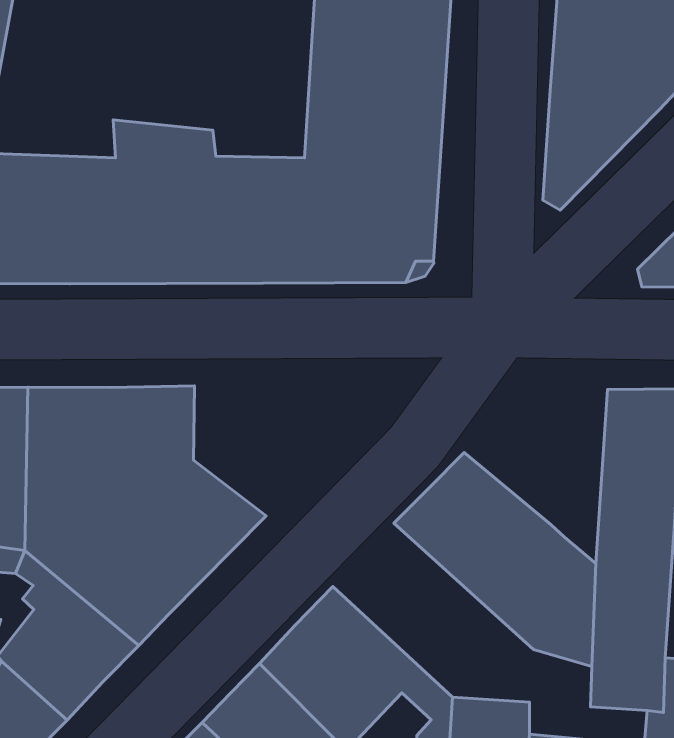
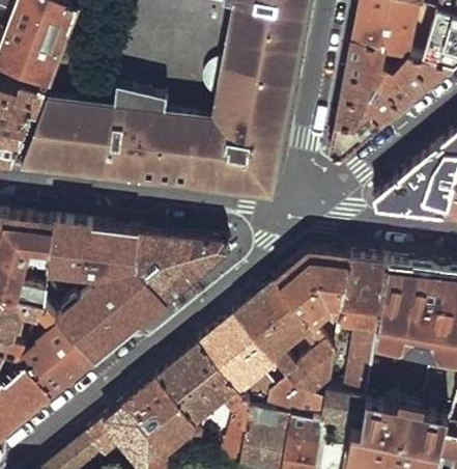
building: none -> [135,231,228,303]
building: none -> [275,254,352,348]
building: none -> [199,314,327,421]

